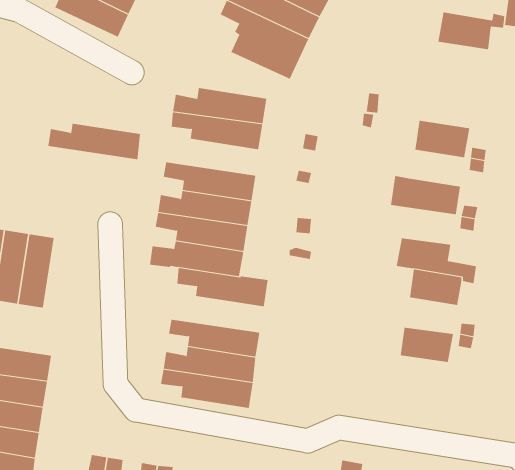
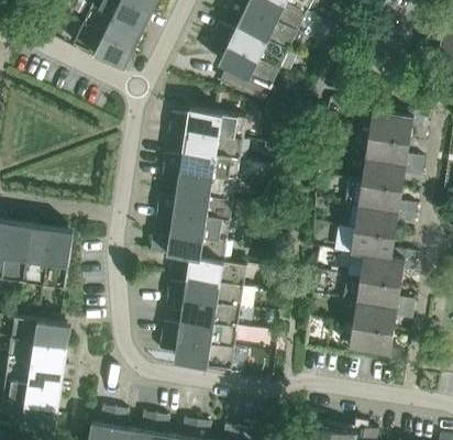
building: [437,12,505,50] -> [369,110,424,141]
building: [47,123,141,160] -> [164,150,240,179]
building: none -> [362,158,407,188]
building: none -> [342,204,400,235]
building: none -> [168,277,244,307]
building: none -> [344,277,401,308]
building: none -> [351,326,401,363]

